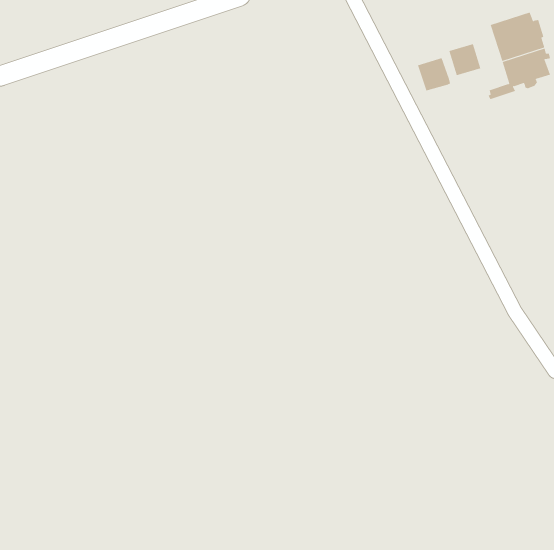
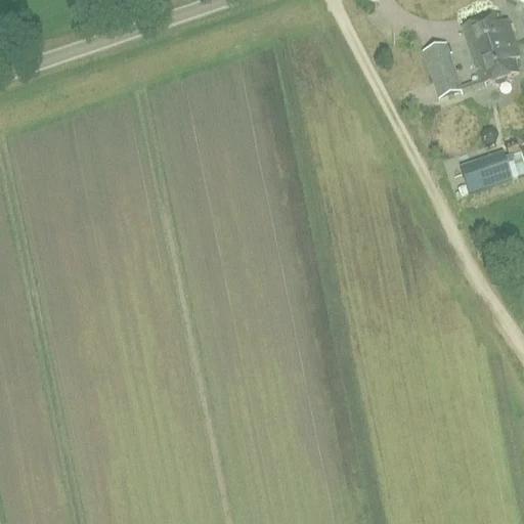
building: [417,58,451,91] -> [431,64,463,96]
building: none -> [458,147,513,191]

